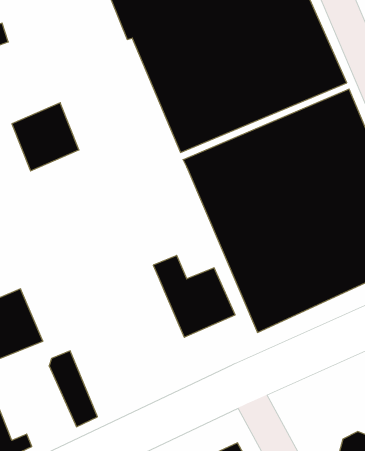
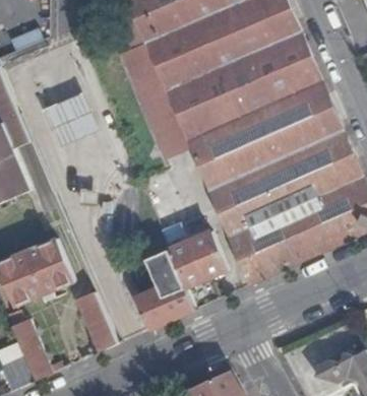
building: none -> [115,38,188,155]
building: none -> [136,245,194,322]

